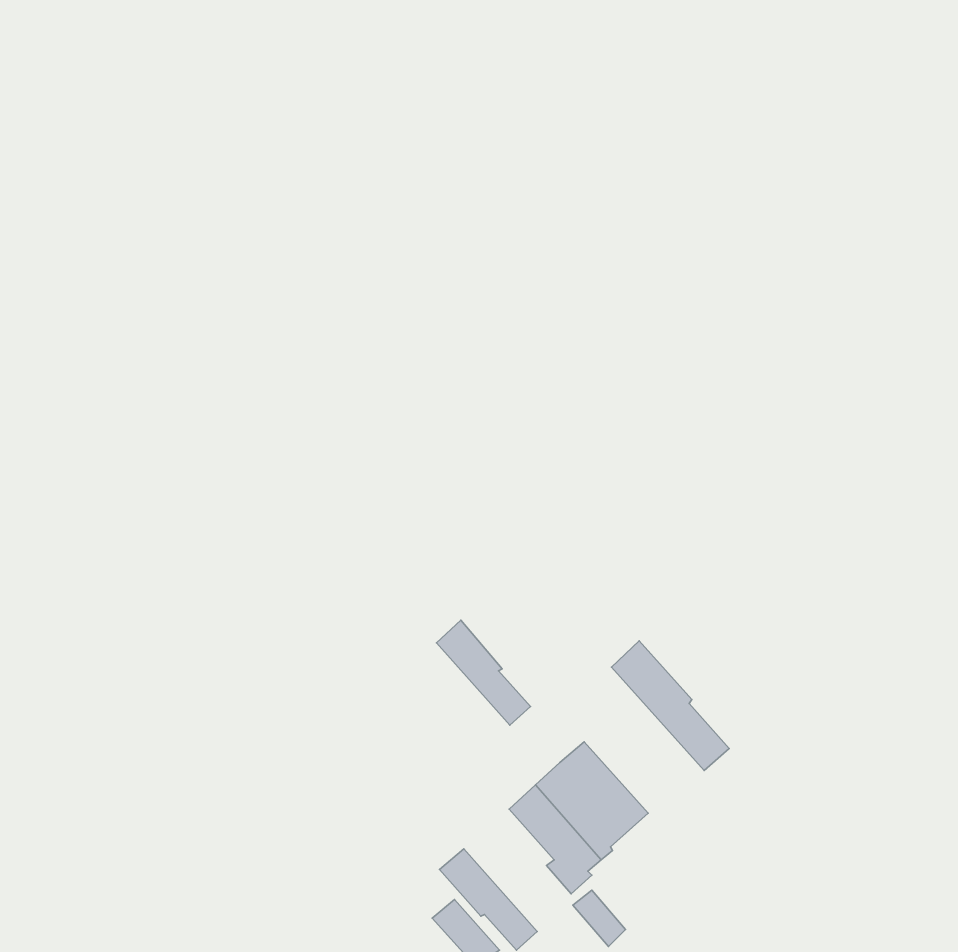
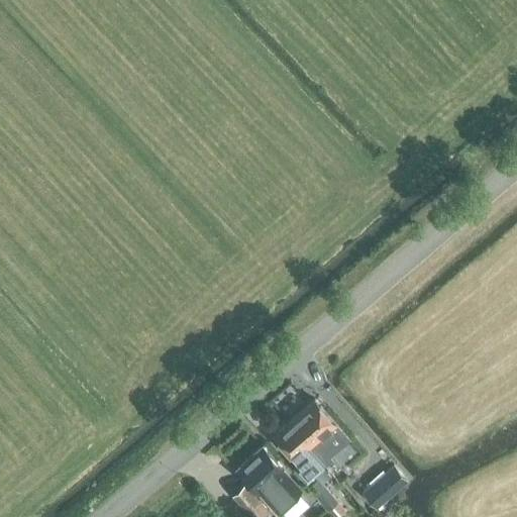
building: [436,620,530,725] -> [250,448,301,505]
building: [611,641,729,771] -> none
building: none -> [363,468,409,511]

